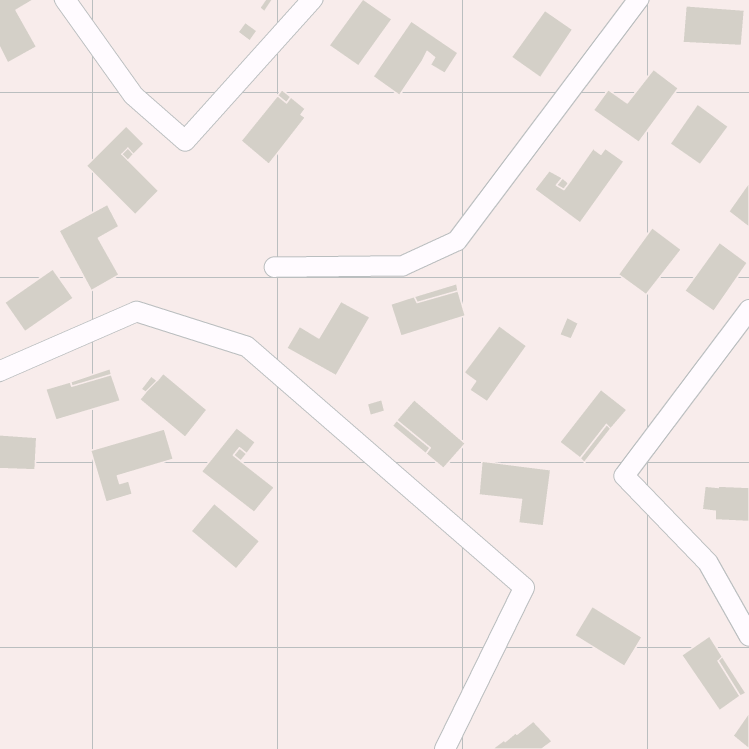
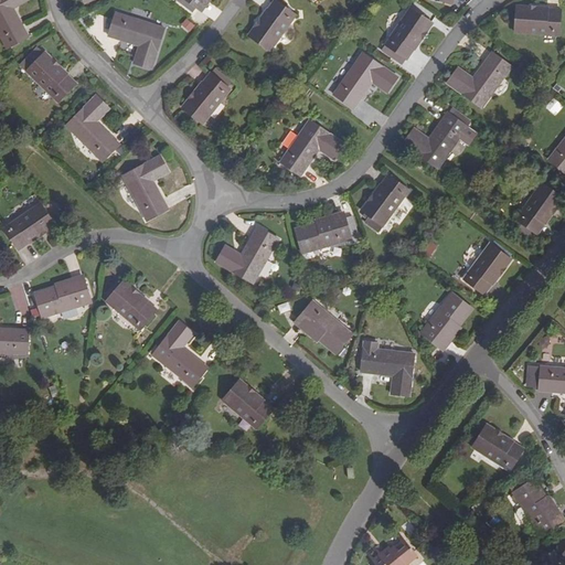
building: none -> [108,12,163,67]
building: [373,21,458,96] -> [332,52,396,108]
building: none -> [19,50,75,100]
building: [670,104,728,165] -> none
building: none -> [280,119,343,174]
building: [59,204,119,291] -> [121,154,167,220]
building: [618,227,681,295] -> [462,243,510,294]
building: [464,325,527,402] -> [360,173,407,231]
building: [90,429,174,502] -> none
building: [191,503,260,569] -> [221,379,273,428]
building: [575,606,642,666] -> [471,424,522,469]

